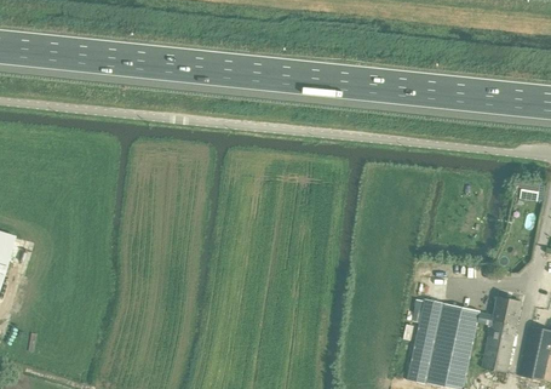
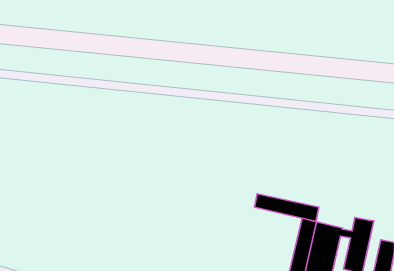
building: none -> [255,194,319,221]

